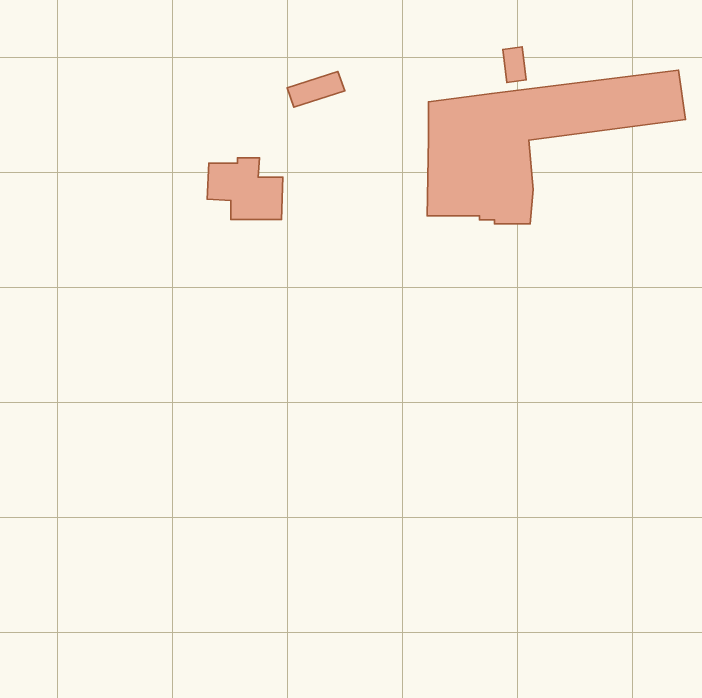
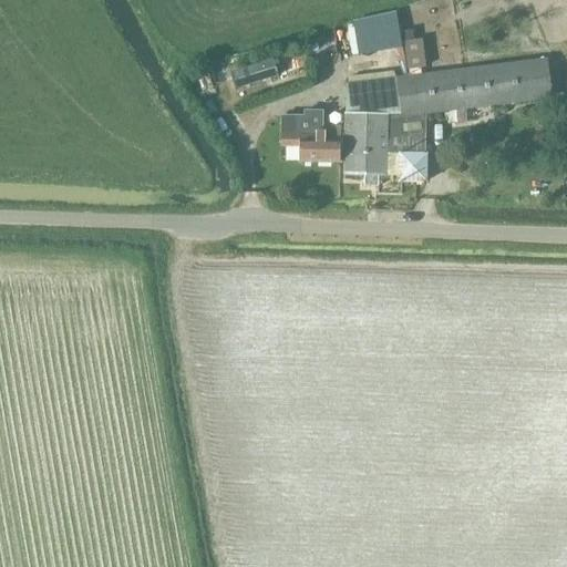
building: none -> [353,10,401,51]
building: [207,158,283,220] -> [280,111,341,161]

